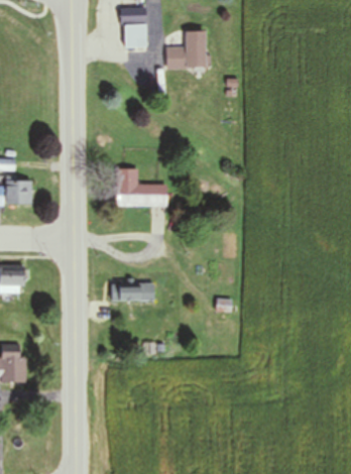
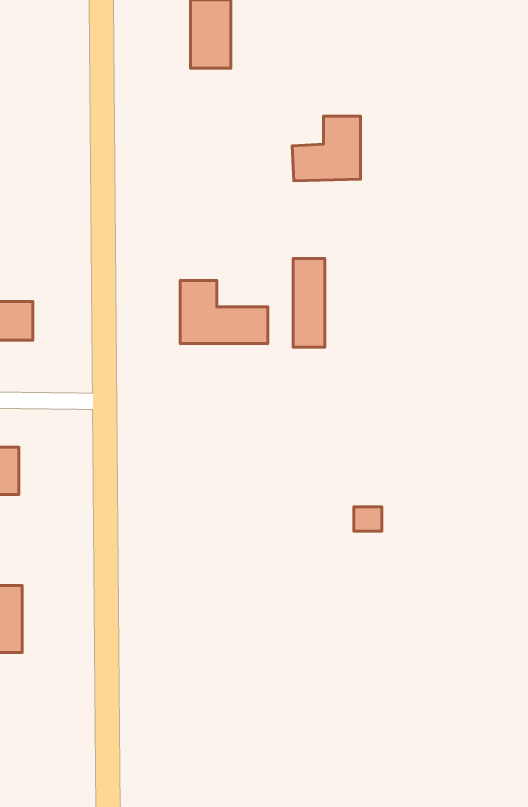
building: [165,31,205,69] -> [292,116,360,181]
building: none -> [293,259,325,347]
building: [117,284,154,303] -> none

